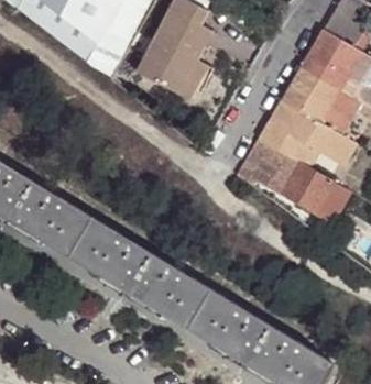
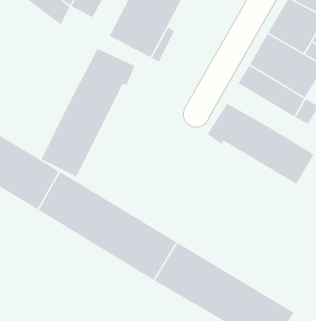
building: none -> [41,48,136,178]
building: [260,121,317,167] -> none

